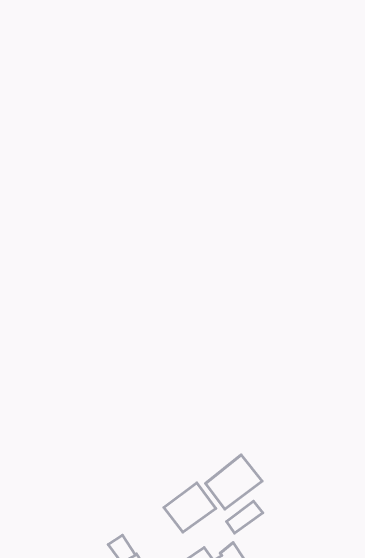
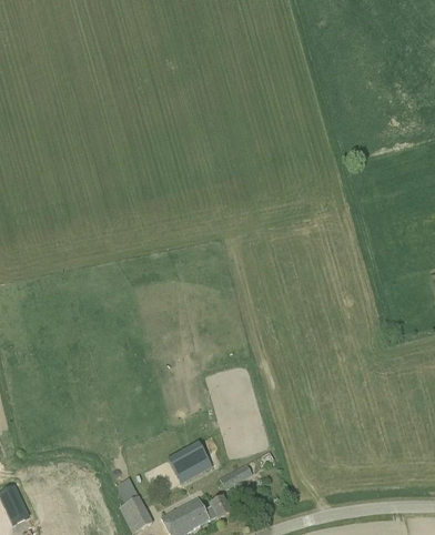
building: [205,455,262,509] -> none

